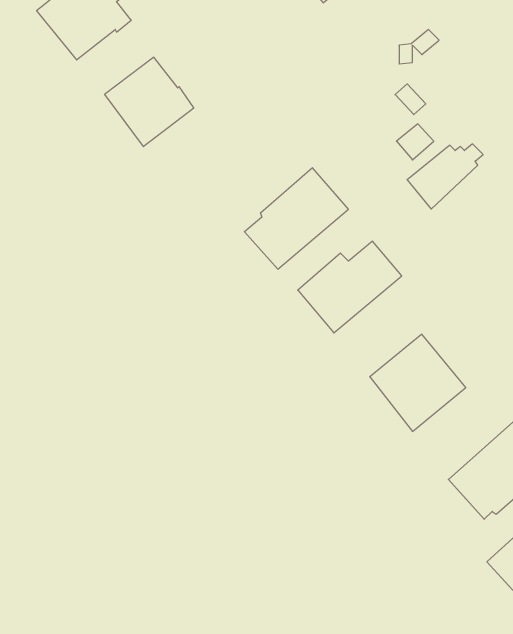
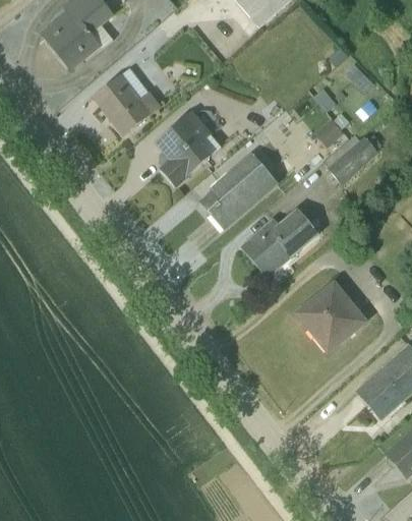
building: none -> [154,108,222,187]

